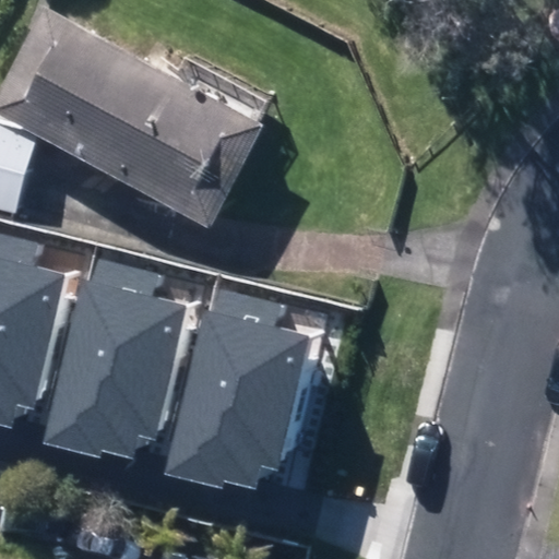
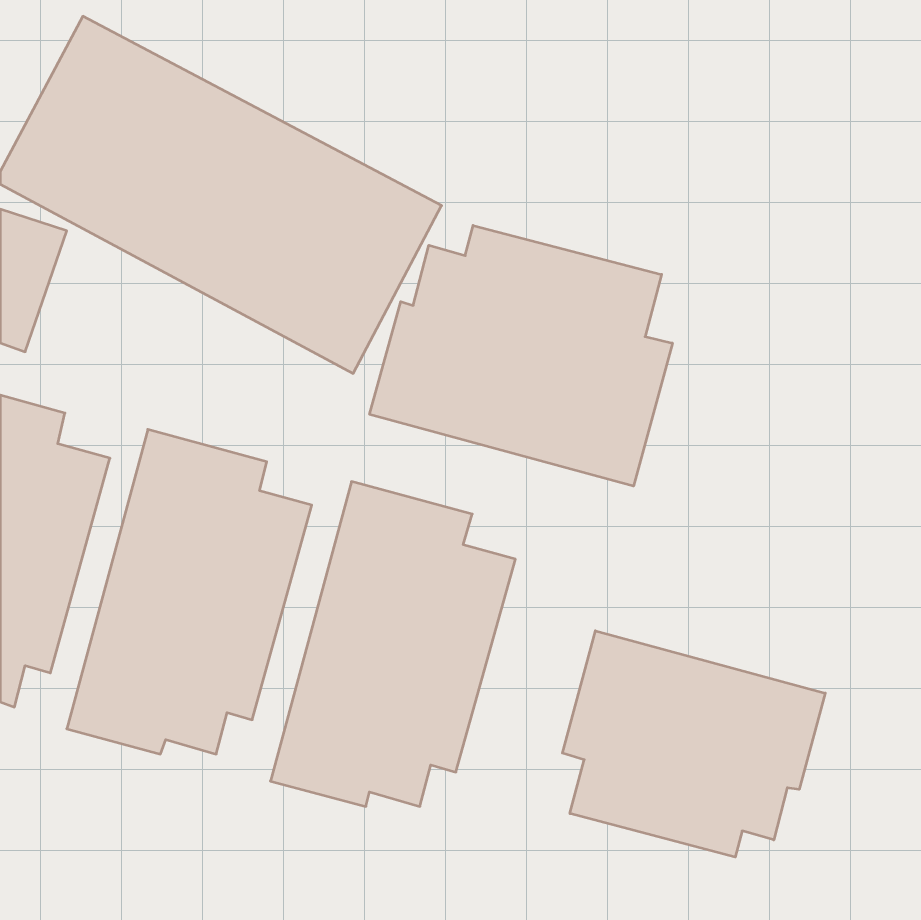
building: none -> [370,225,672,486]
building: none -> [562,631,825,857]

